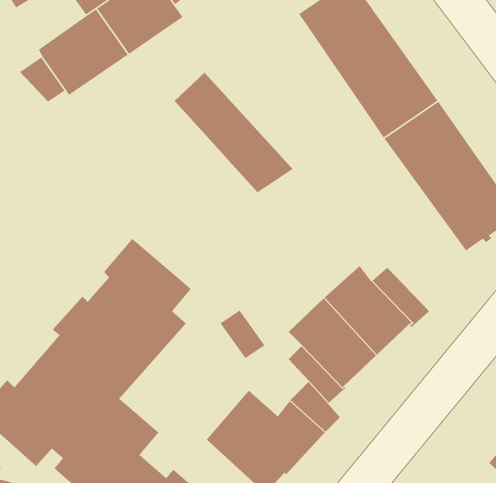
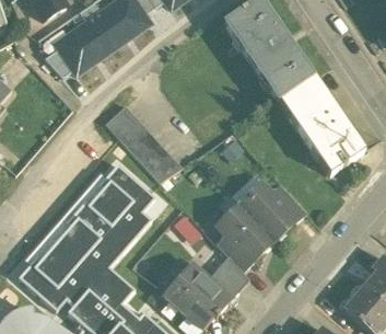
building: [174,72,293,193] -> [105,104,182,182]

